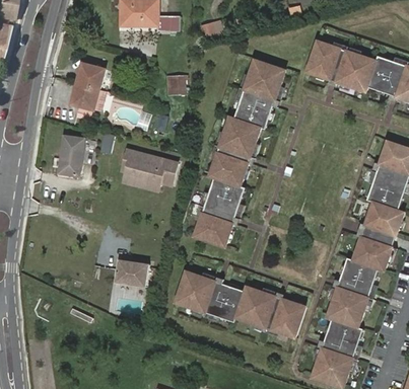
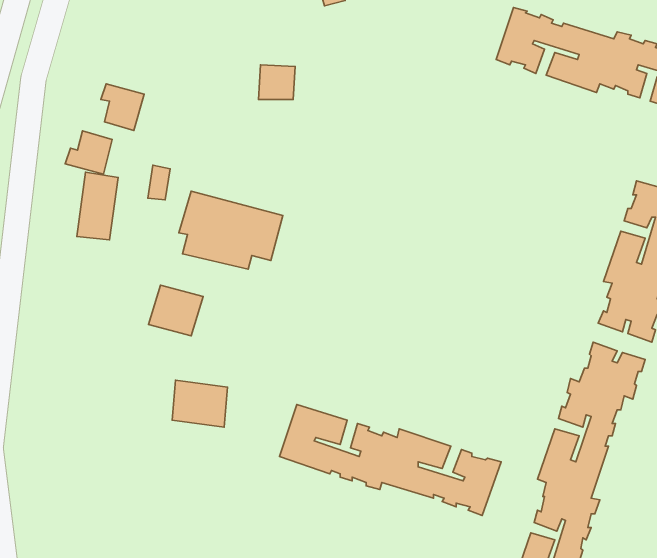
building: [197,60,286,246] -> none
building: [76,65,104,90] -> [65,131,112,174]
building: none -> [148,285,203,336]

